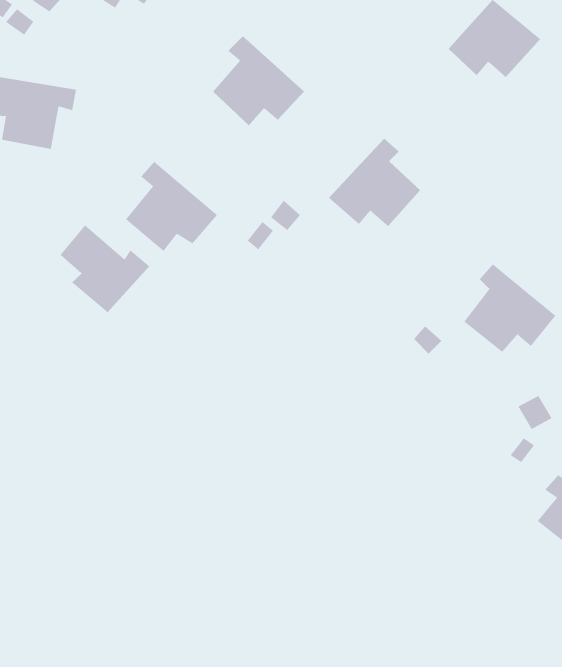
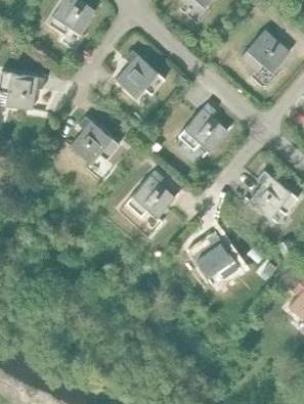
building: [60,225,150,313] -> none
building: none -> [126,170,175,217]
building: none -> [192,230,241,278]

